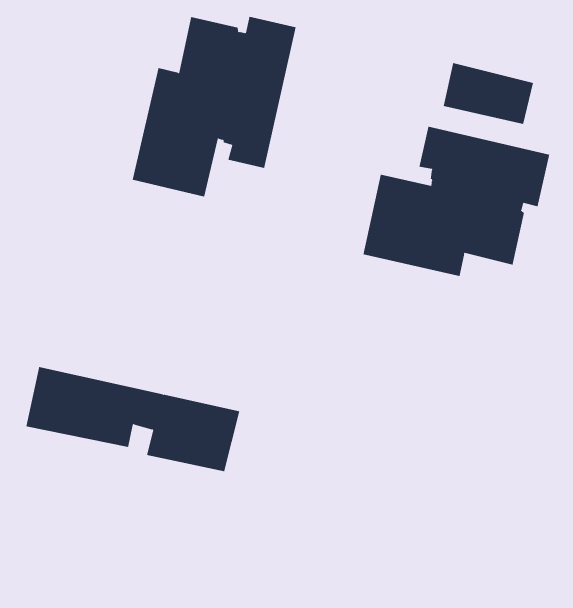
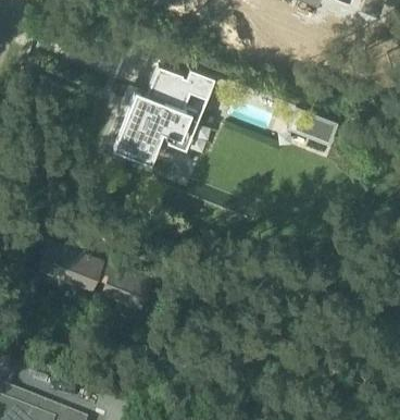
building: [363,126,550,277] -> none

